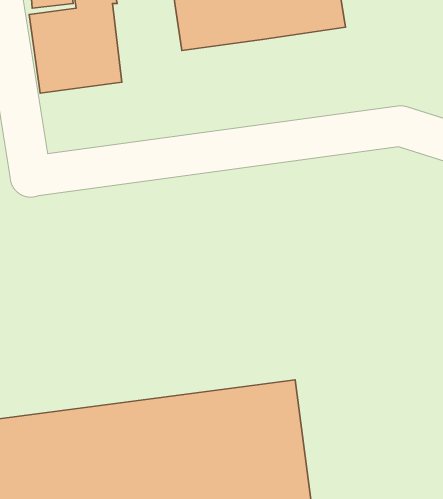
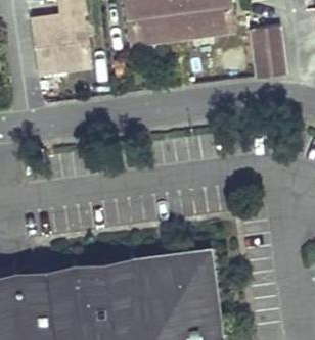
building: none -> [252,22,284,76]

